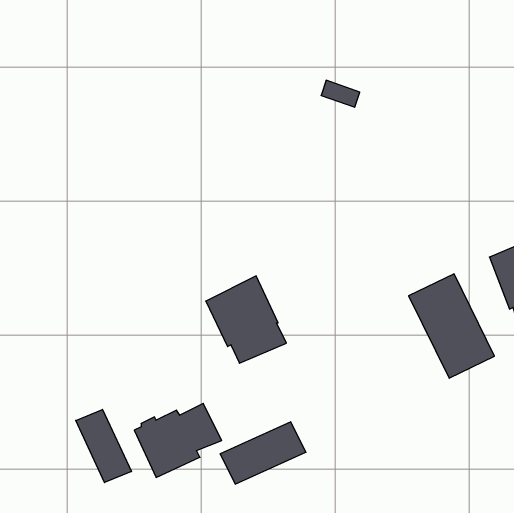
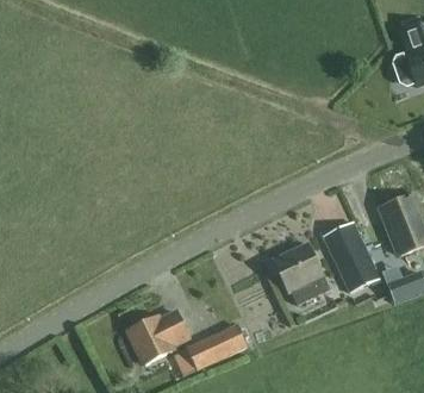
building: [206,276,286,363] -> [272,242,329,304]
building: [76,409,131,483] -> none

